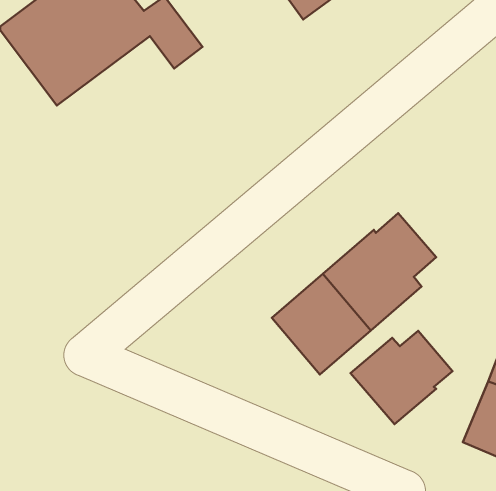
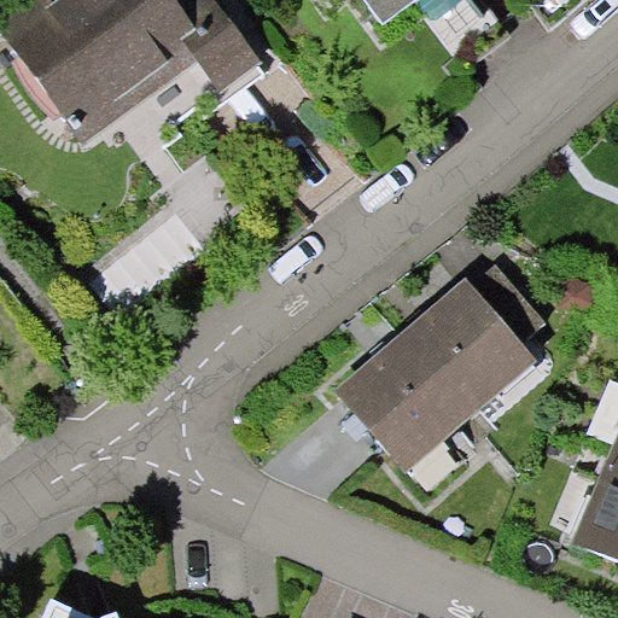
building: [350,331,452,424] -> none

